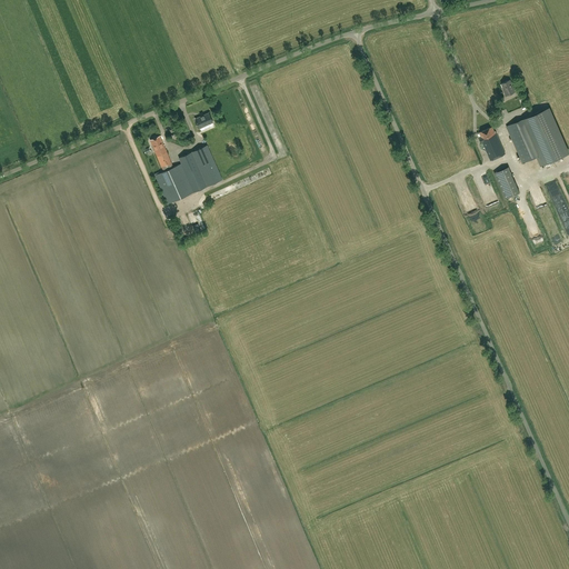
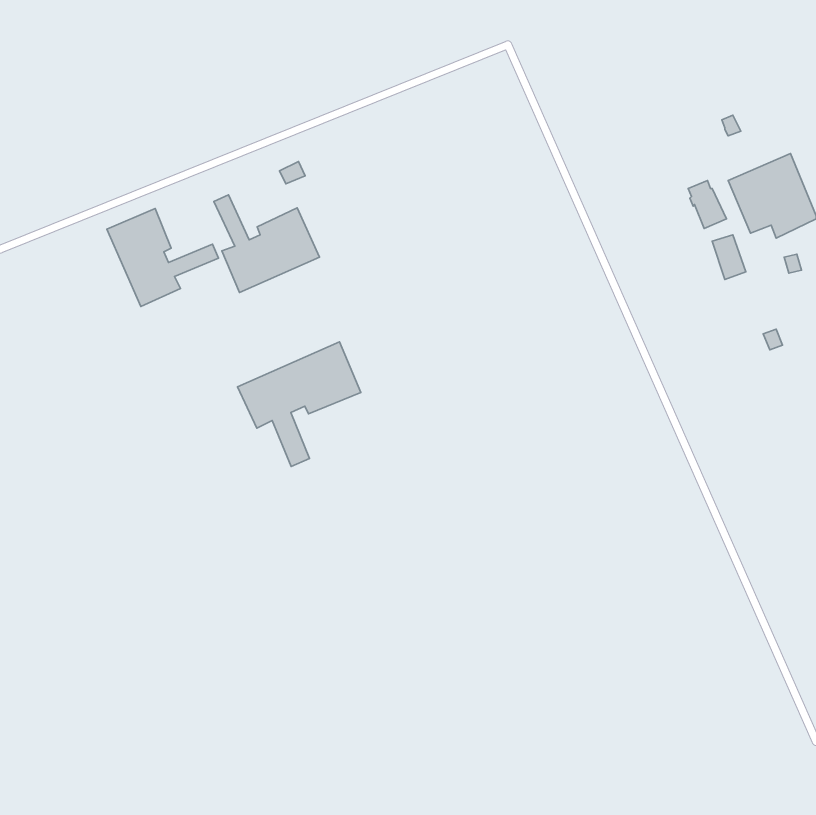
building: none -> [107,208,219,307]
building: none -> [238,342,361,466]

